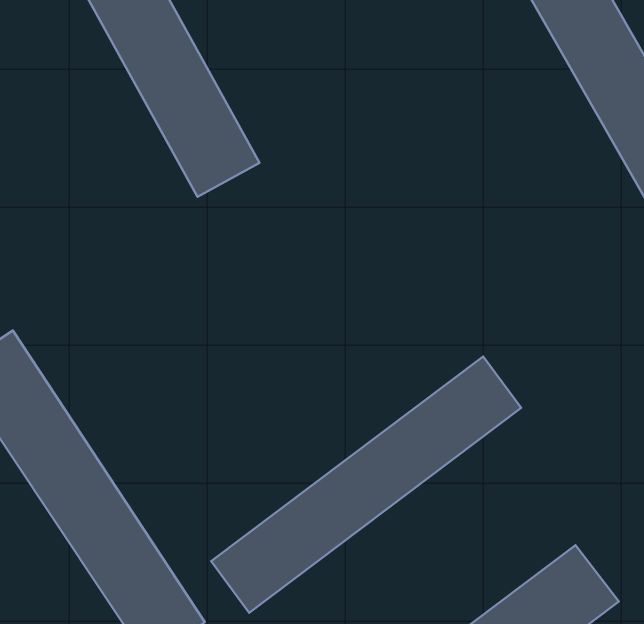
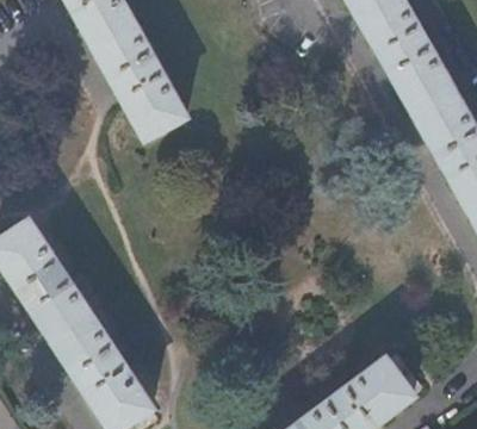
building: [211,356,521,613] -> none

